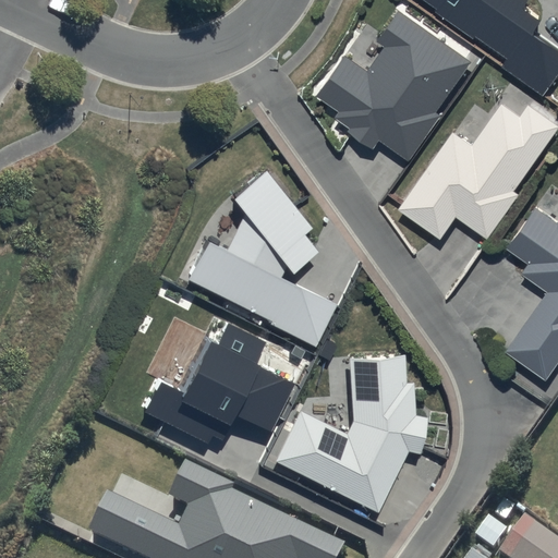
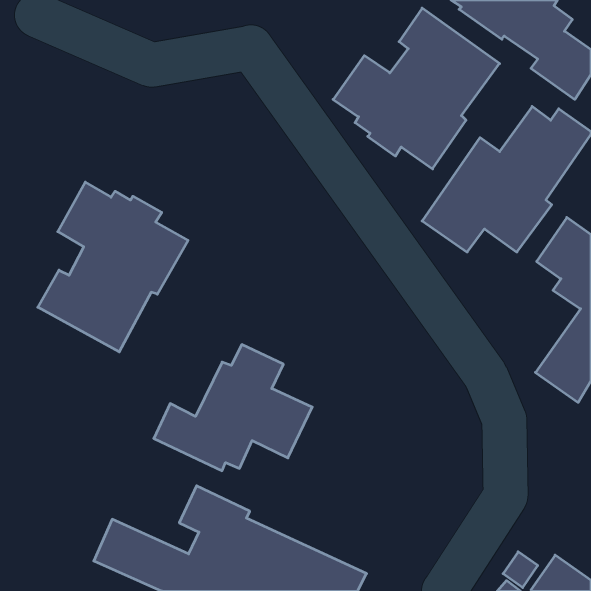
building: [189,170,337,348] -> none
building: none -> [38,182,188,352]
building: [277,356,428,514] -> none

